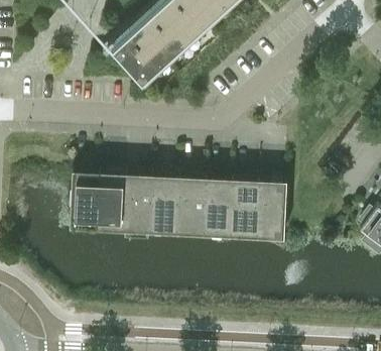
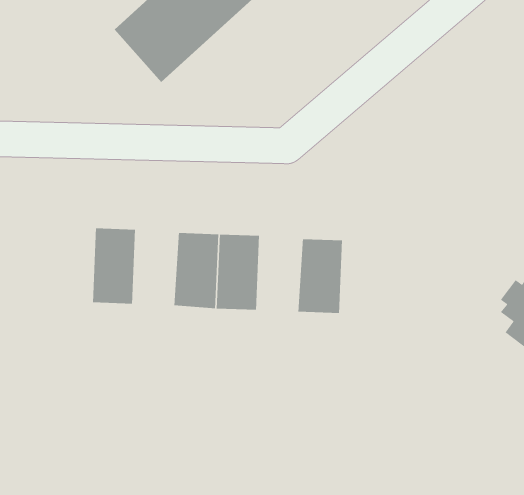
building: [69,176,99,225] -> none
building: [123,178,152,227] -> none
building: [203,182,232,231] -> none
building: [256,185,286,234] -> none

